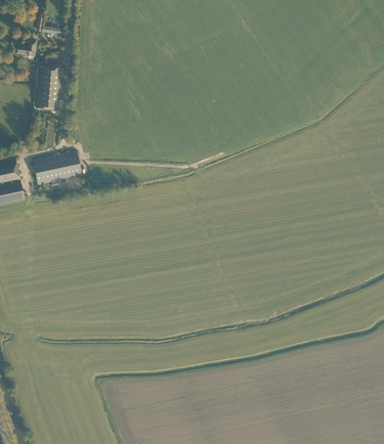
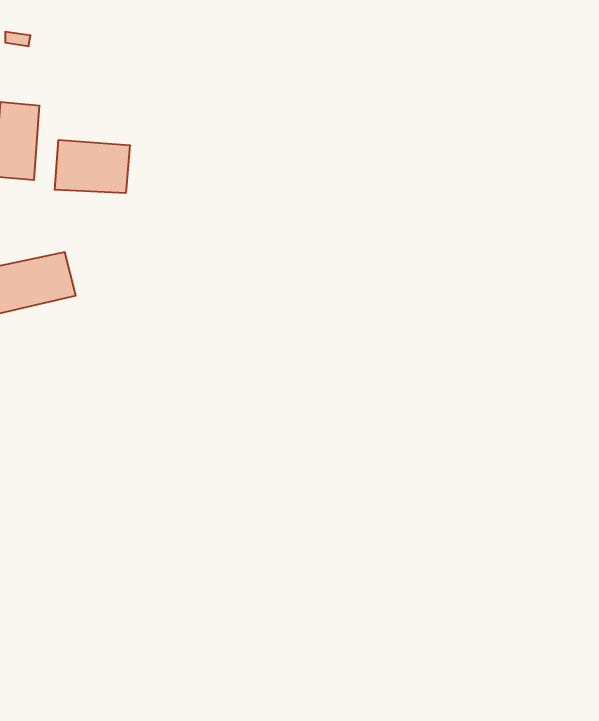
building: none -> [55,140,130,193]

